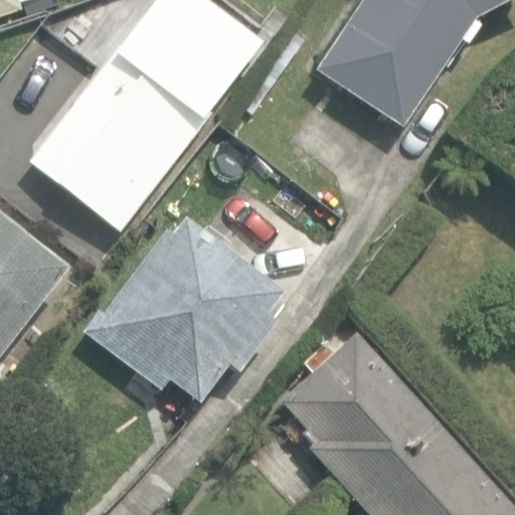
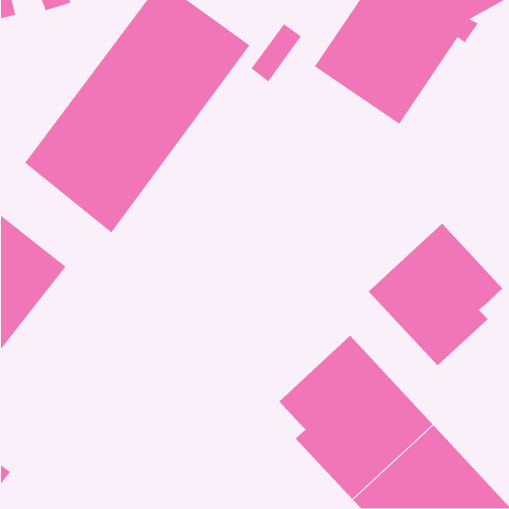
building: [87,215,286,400] -> none
building: none -> [368,223,503,366]

